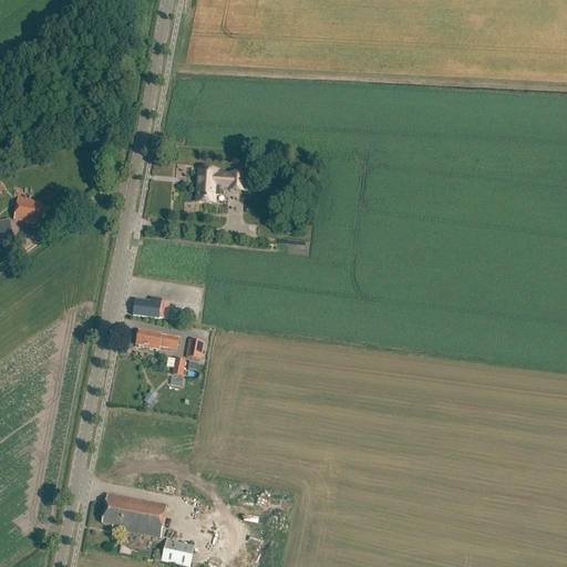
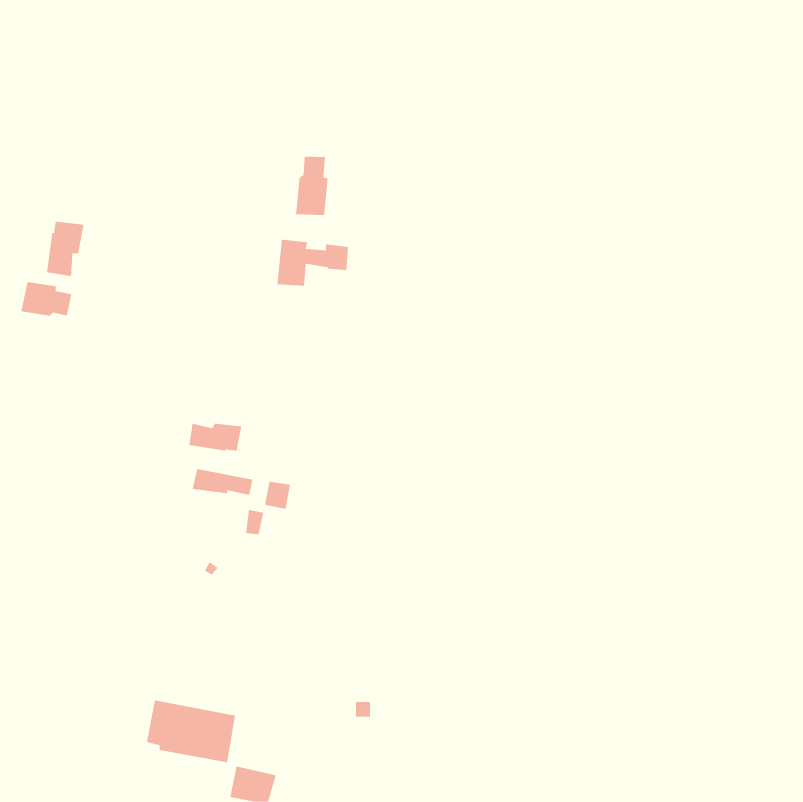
building: none -> [295,156,328,216]
building: none -> [46,221,84,277]

